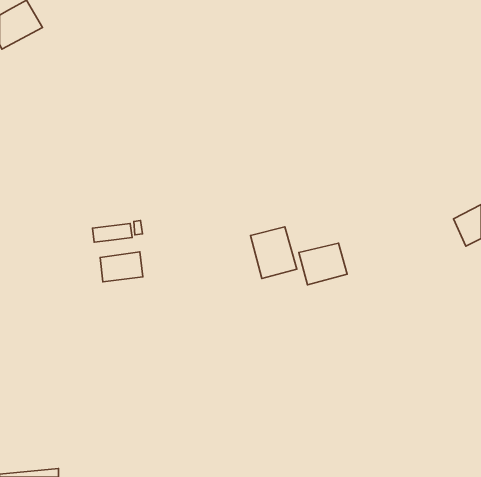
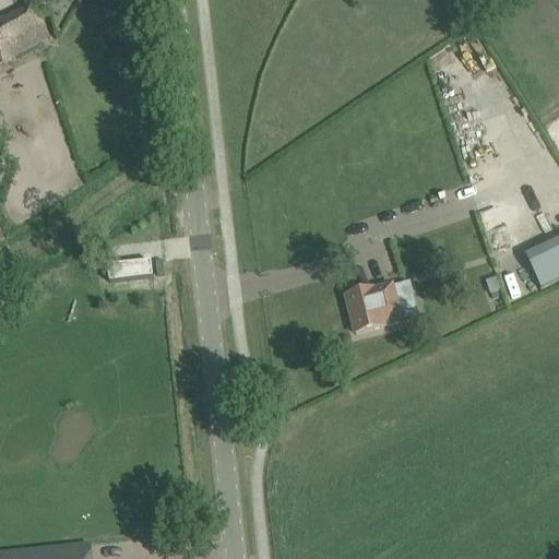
building: [250,227,297,278] -> none
building: [100,252,143,282] -> none

